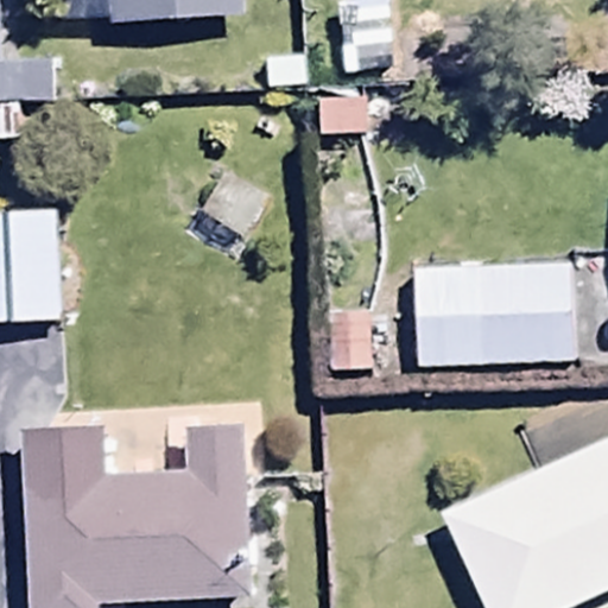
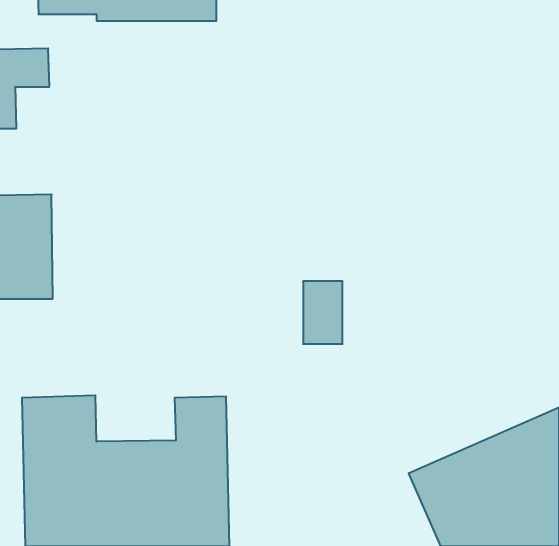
building: [413,262,575,365] -> none

